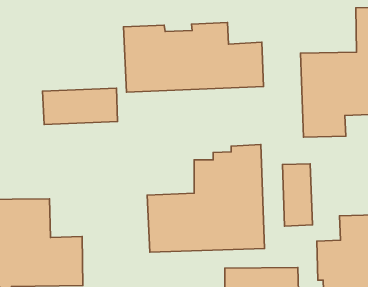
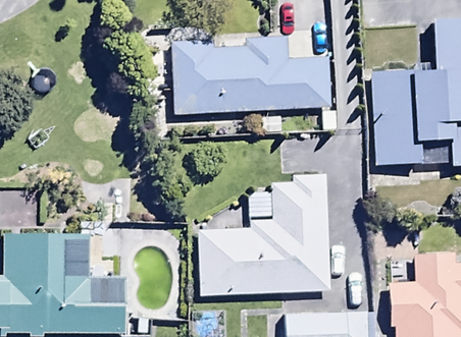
building: [42,88,117,124] -> none
building: [282,164,312,226] -> none

